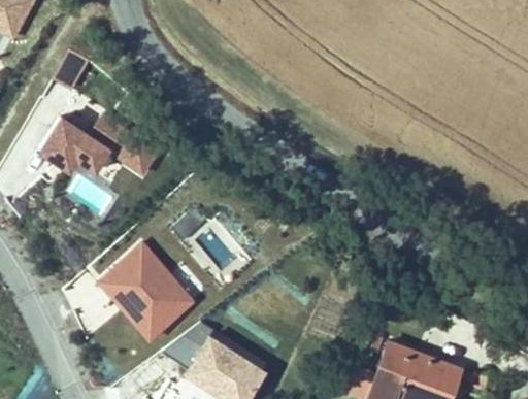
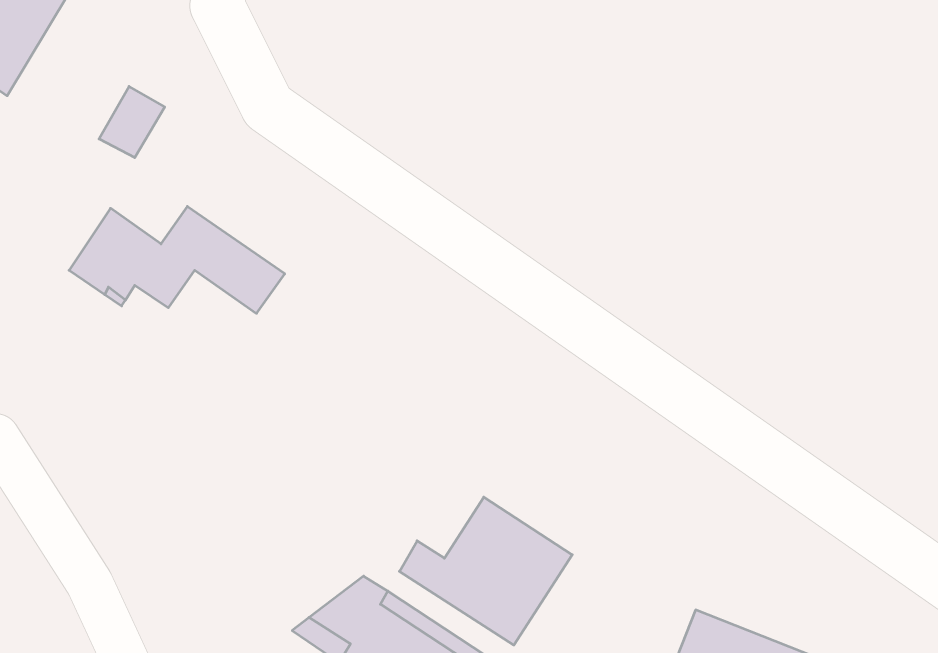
building: [99,243,192,339] -> none
building: none -> [399,497,572,645]

